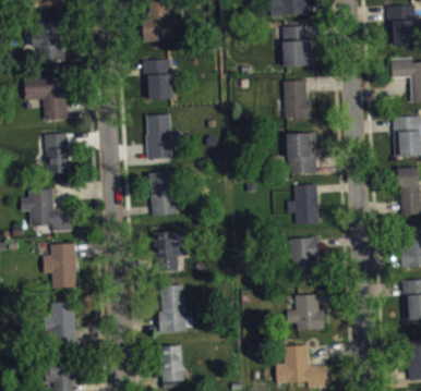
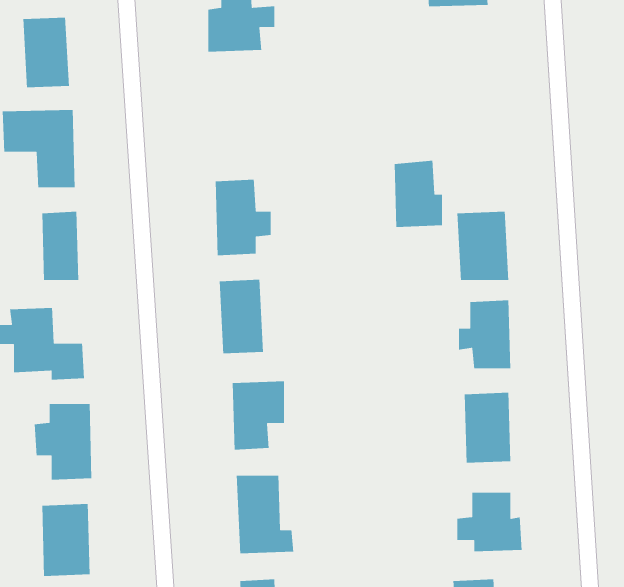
building: [282,26,312,66] -> none
building: [144,59,172,99] -> none
building: [284,80,312,119] -> [394,160,443,228]

